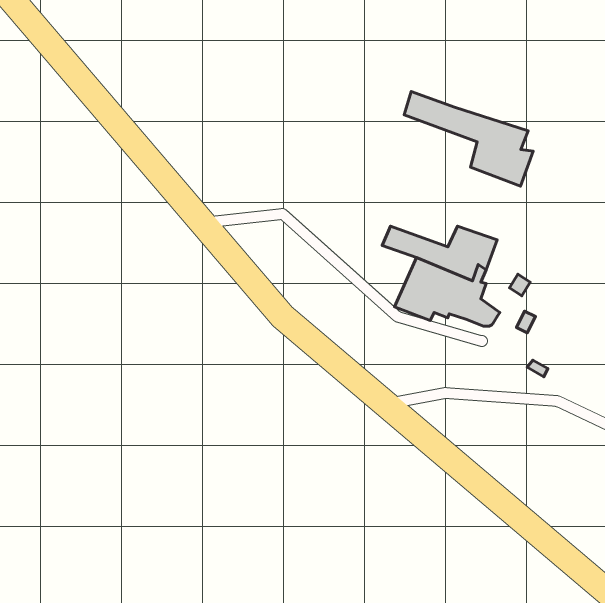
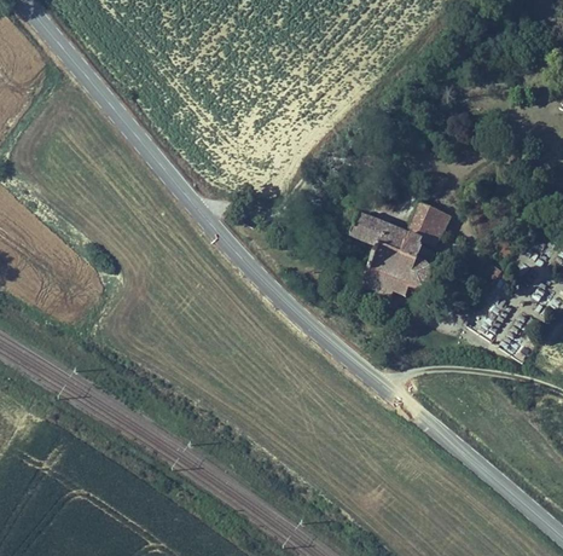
building: [404,91,533,186] -> none

